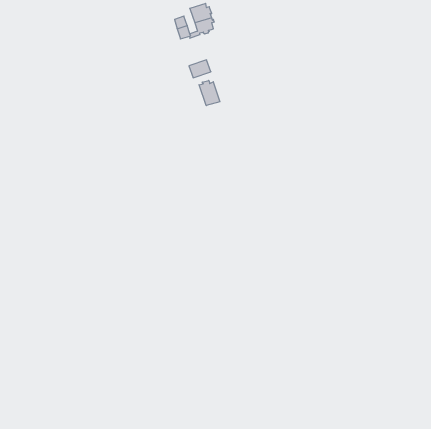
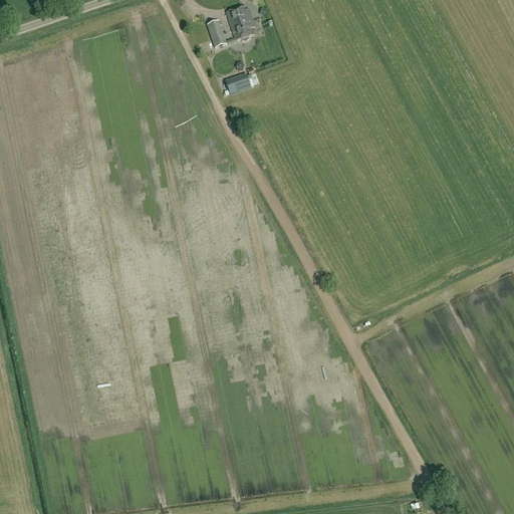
building: [199,80,220,106] -> none

